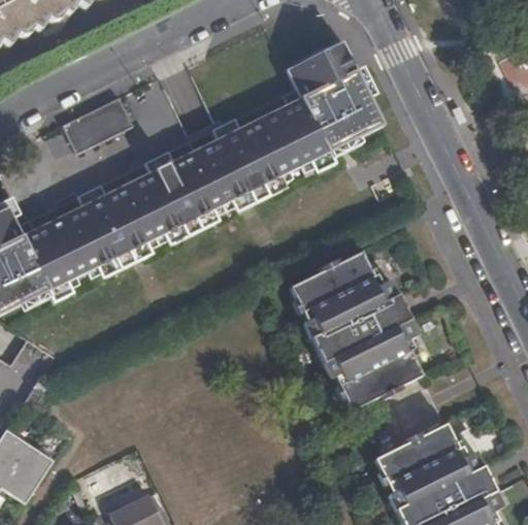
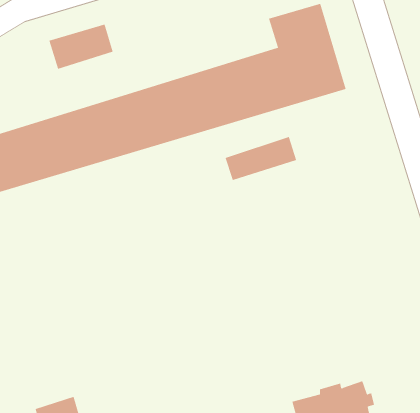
building: none -> [225,136,297,181]
building: [293,258,425,416] -> none

